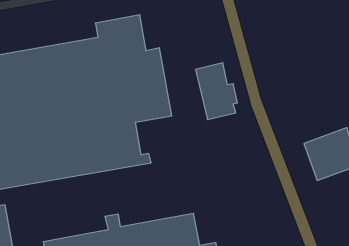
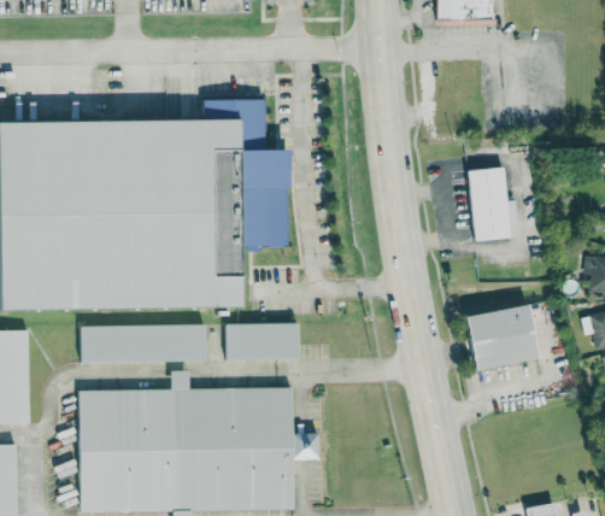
building: [195,63,237,119] -> [468,166,518,241]
building: none -> [225,322,304,359]
building: none -> [80,323,210,362]

